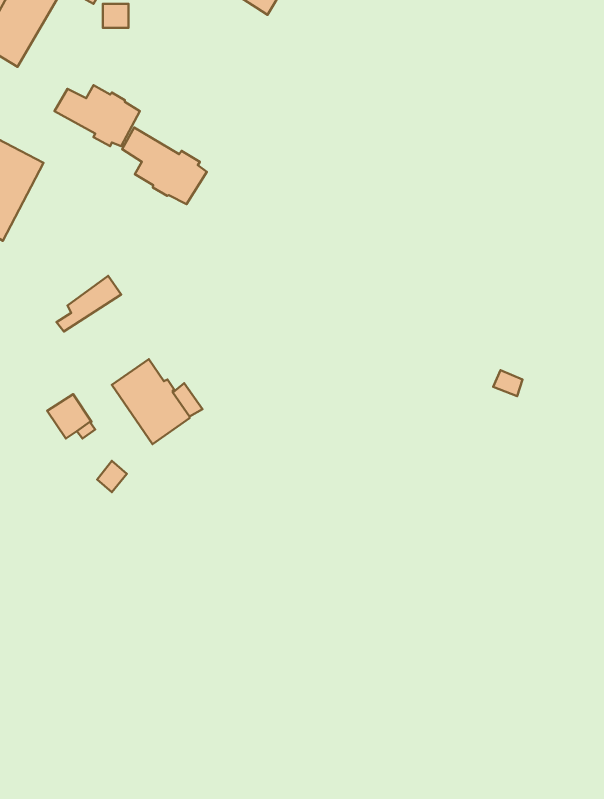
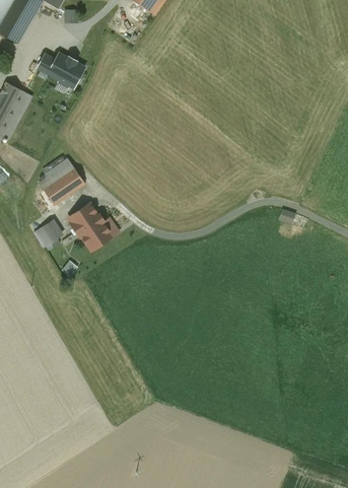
building: [122,128,207,204] -> none
building: none -> [43,167,84,204]

